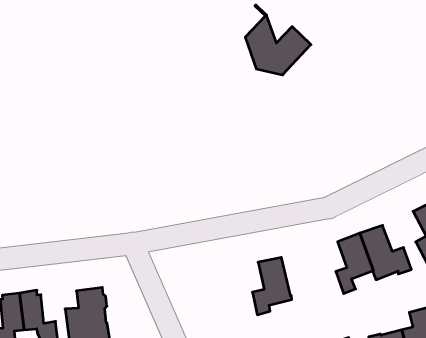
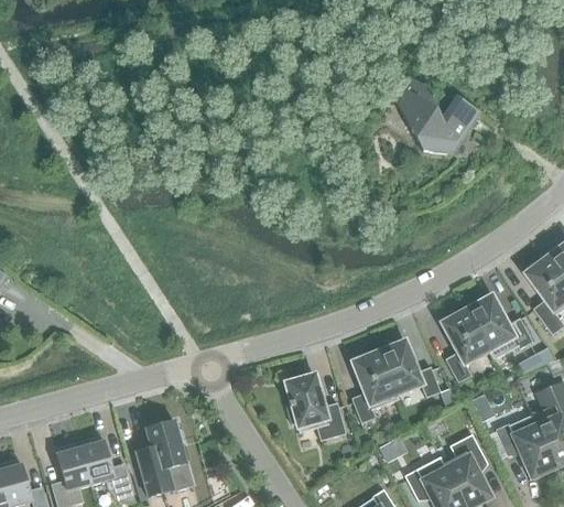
building: [245,5,311,75] -> [403,75,481,152]
building: none -> [379,339,441,396]
building: none -> [285,373,347,440]

